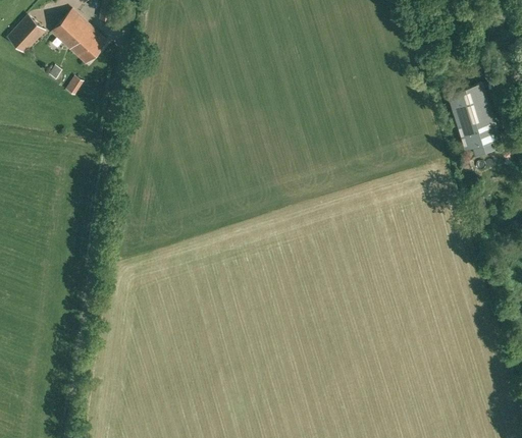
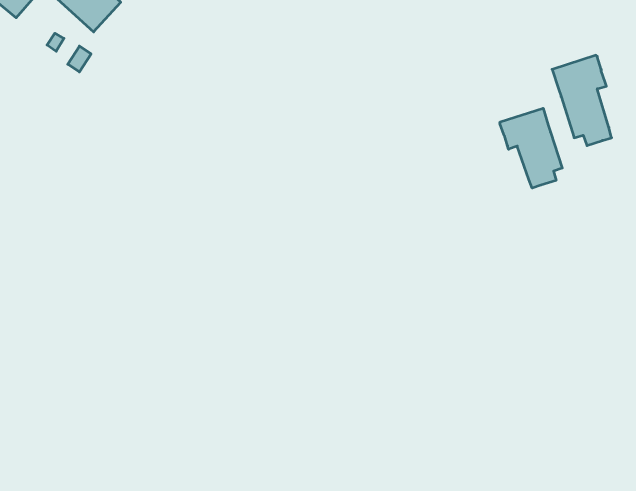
building: none -> [500,108,562,188]

